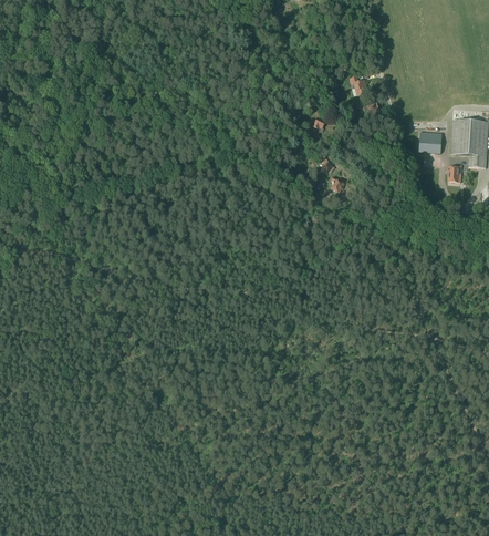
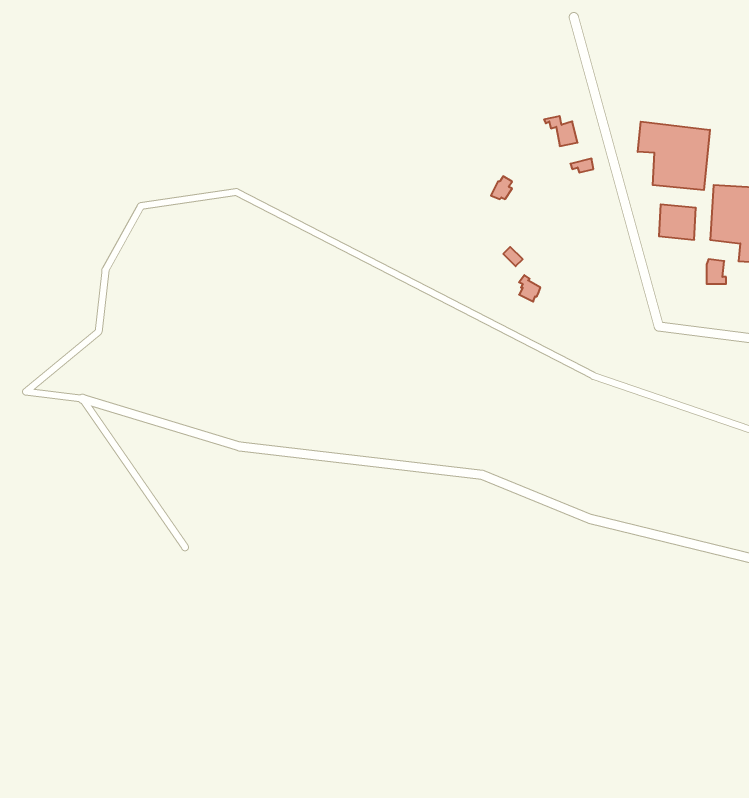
building: none -> [638,122,710,190]

